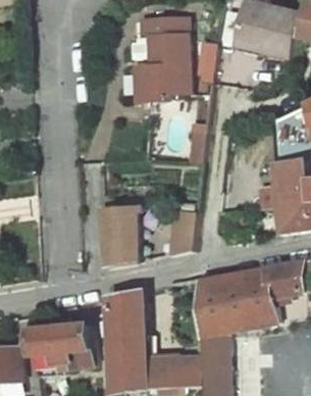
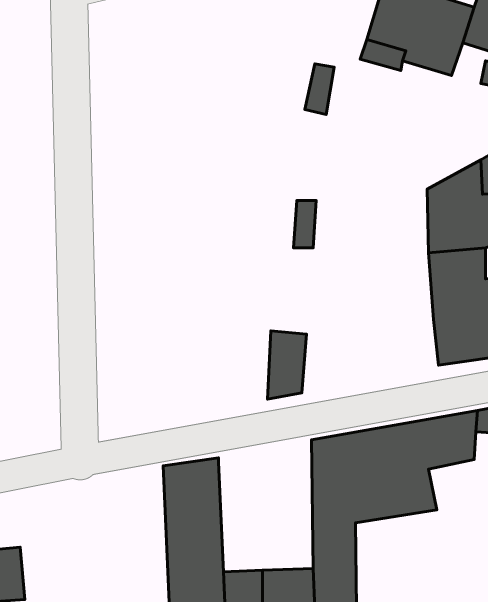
building: [127,19,188,100] -> none
building: [99,202,145,266] -> none
building: [33,325,94,367] -> none

